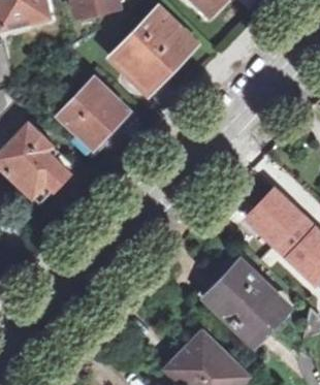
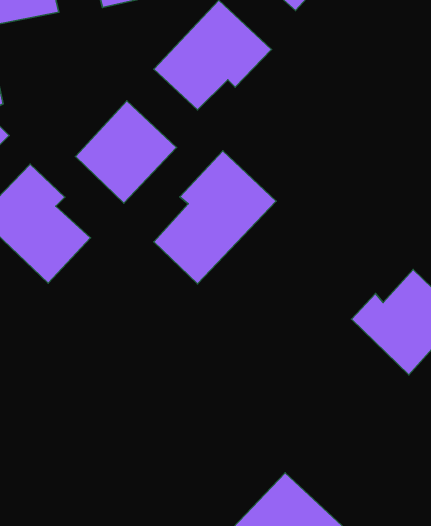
building: none -> [154,151,276,284]
building: [203,262,290,348] -> none

